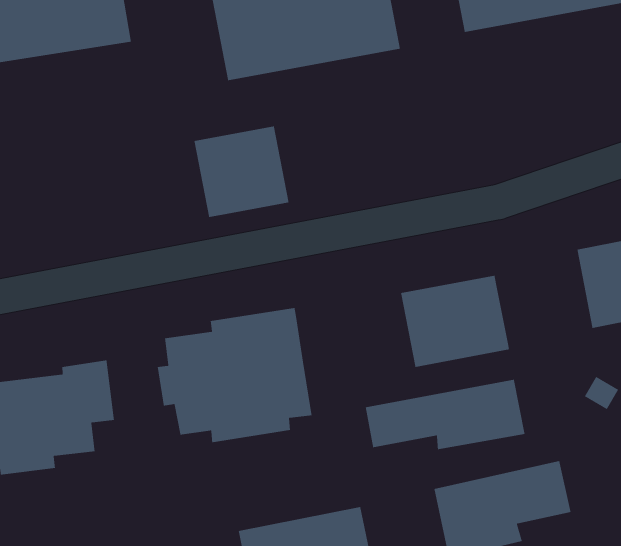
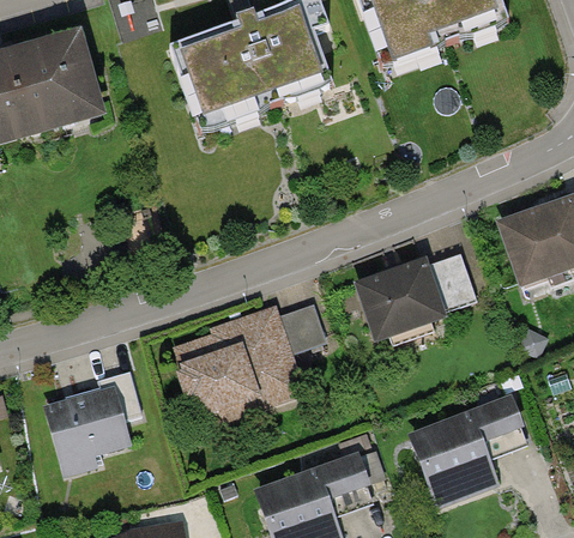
building: [194,125,289,218] -> none
building: none -> [437,252,481,309]
building: none -> [280,301,325,346]
building: [365,379,526,450] -> none

